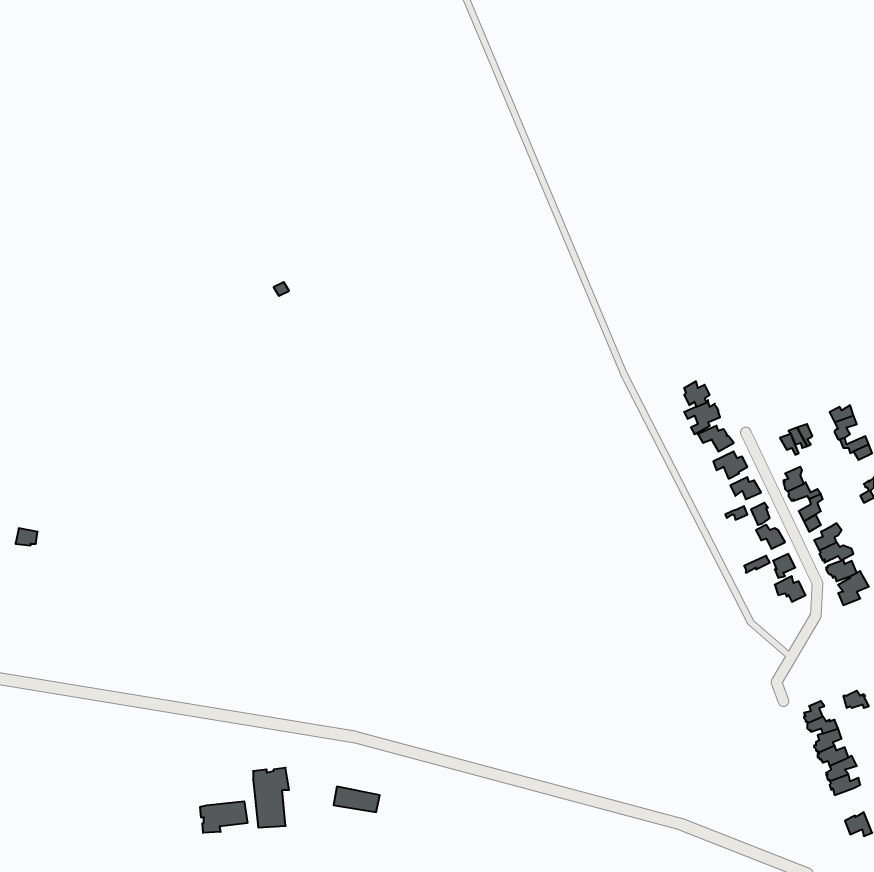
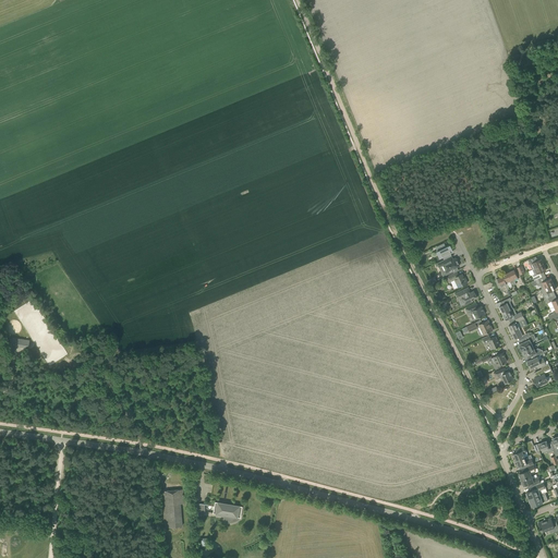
building: [200,801,247,833] -> none

